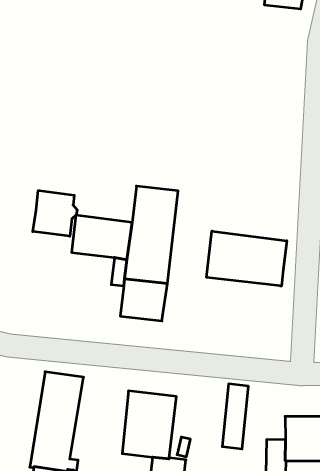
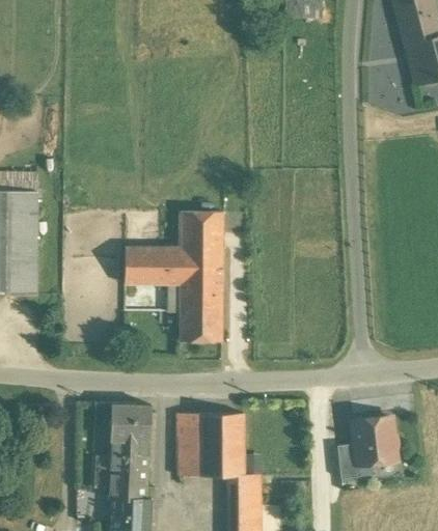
building: [33,191,77,236] -> none
building: [207,231,287,286] -> none
building: [222,384,248,449] -> [176,414,197,476]

